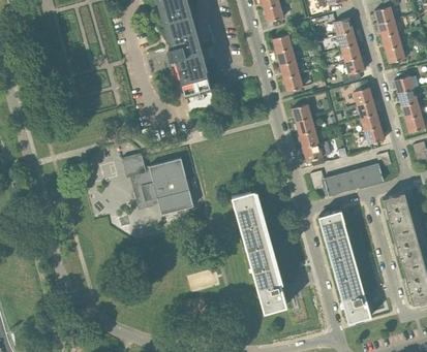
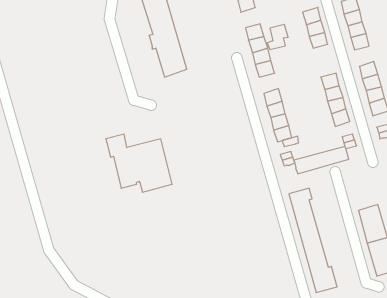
building: [341,56,364,83] -> [267,24,288,50]
building: [232,190,286,311] -> none
building: [383,192,414,233] -> none

